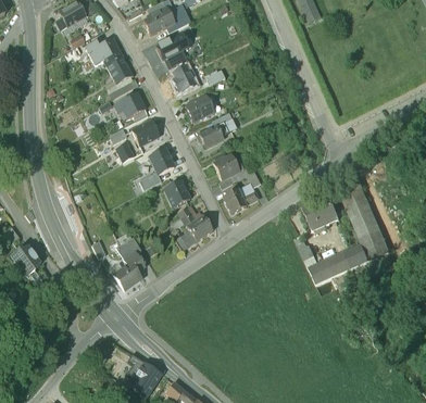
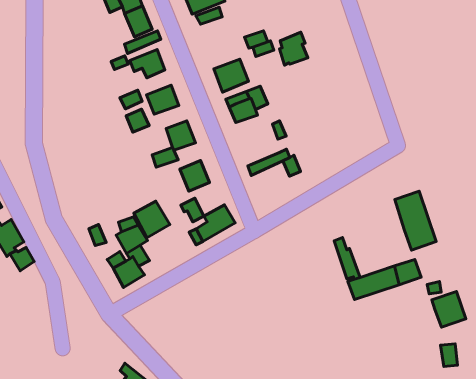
building: [172,64,196,92] -> [279,32,308,65]
building: [212,154,243,180] -> none
building: [222,187,258,214] -> none
building: [302,197,339,231] -> none
building: none -> [134,201,170,238]
building: [359,230,388,261] -> [432,291,466,327]

